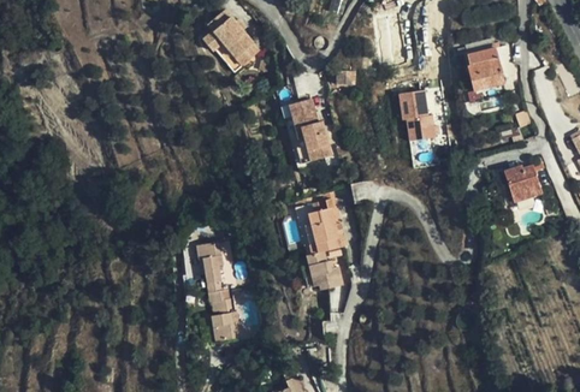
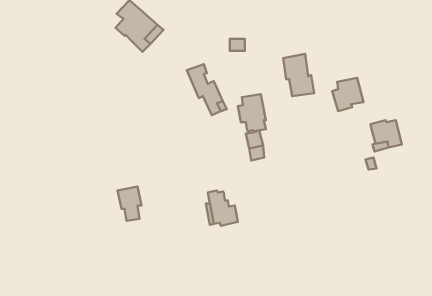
building: [467,48,504,88] -> [332,78,363,111]
building: [309,207,343,251] -> [238,94,266,131]
building: [211,283,244,341] -> none

